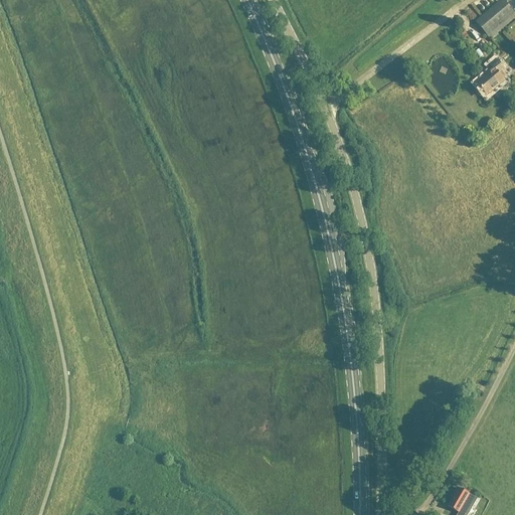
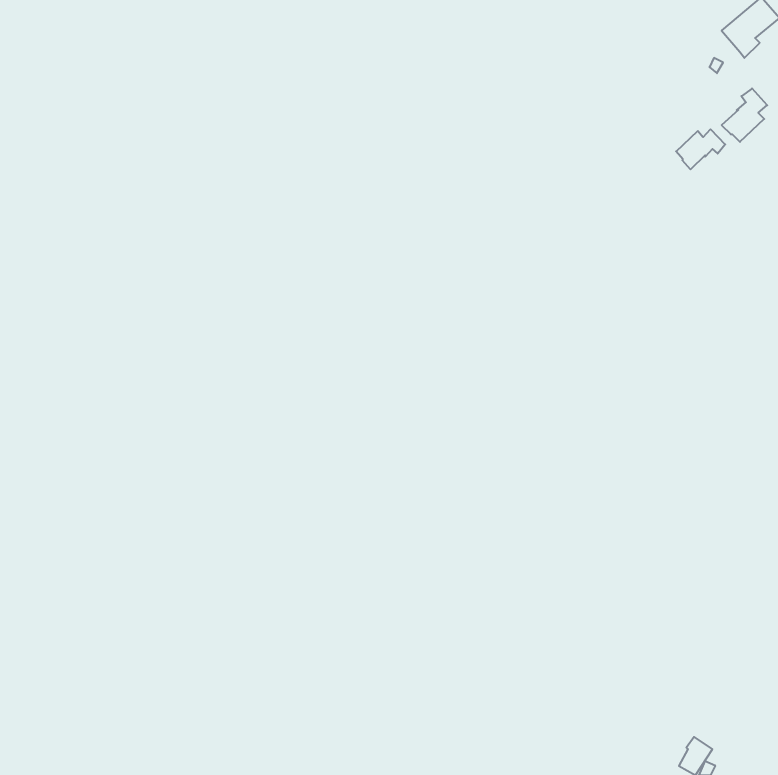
building: none -> [676,129,725,169]

